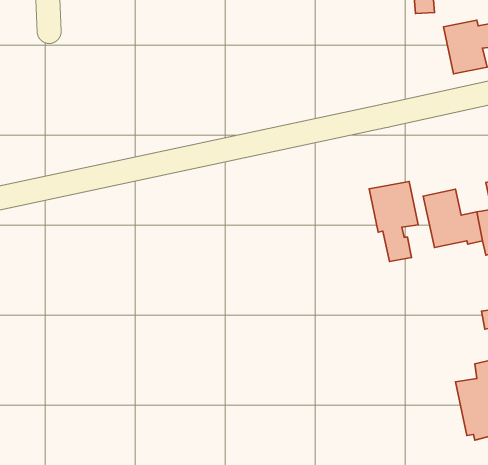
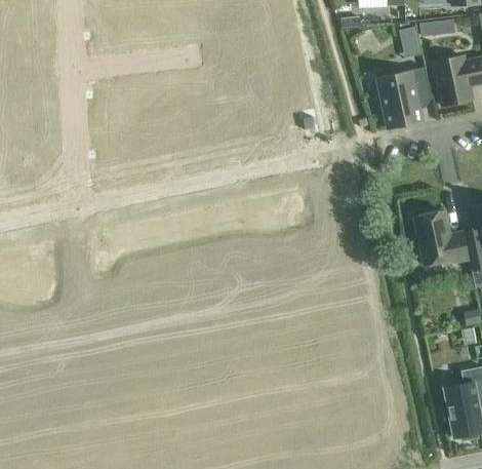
building: none -> [377,67,432,128]
building: [369,181,418,261] -> none

